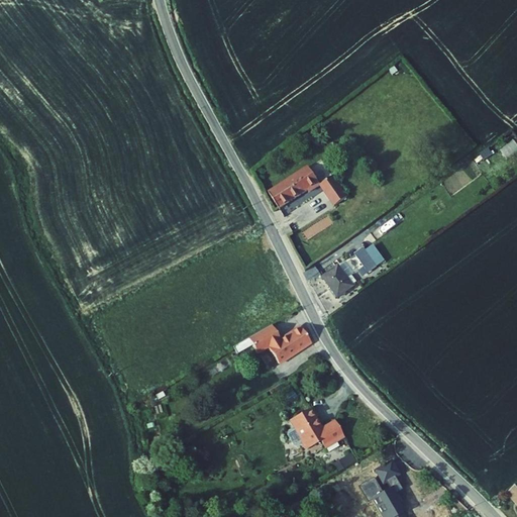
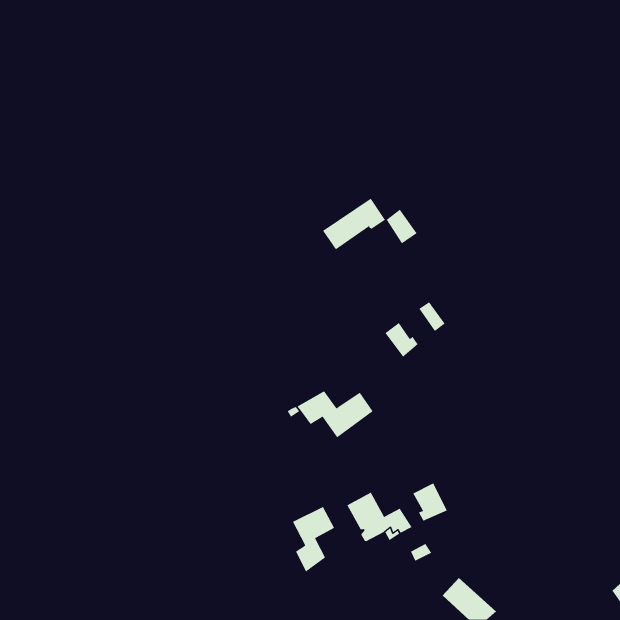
building: none -> [412,483,448,522]
building: none -> [292,506,335,572]

